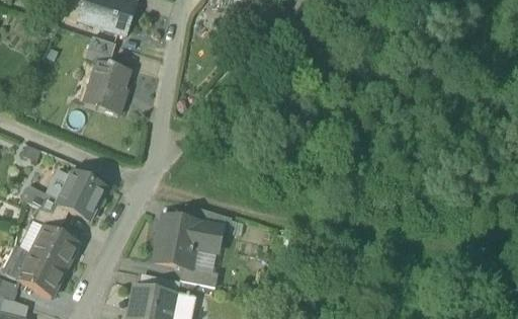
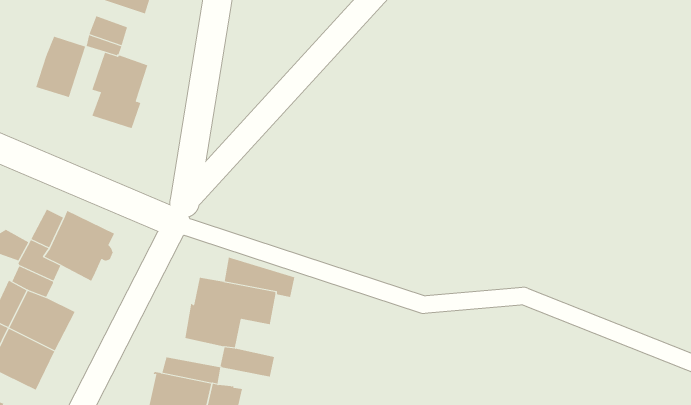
building: none -> [36,36,86,98]

